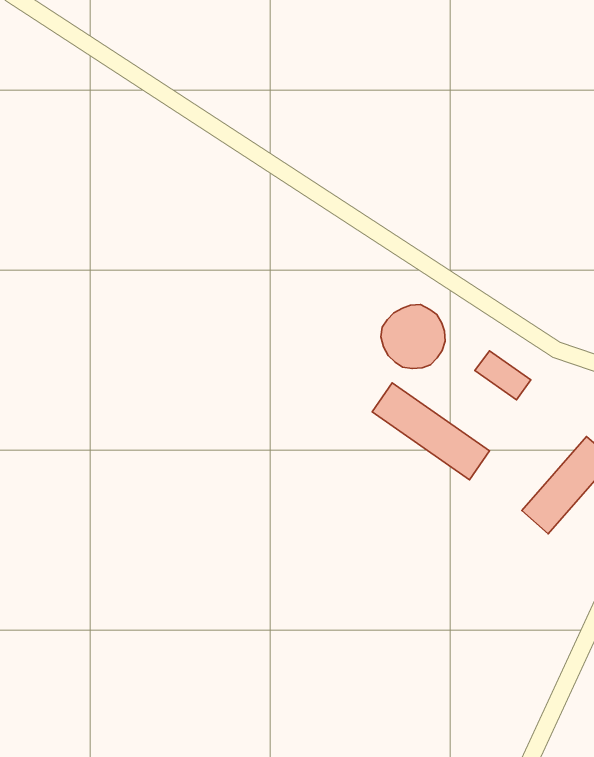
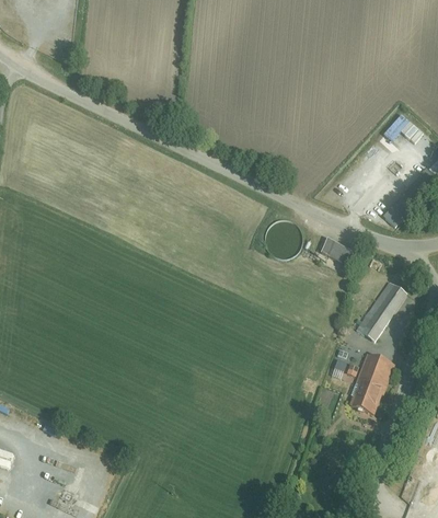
building: [372,383,490,480] -> none
building: none -> [350,353,394,413]

